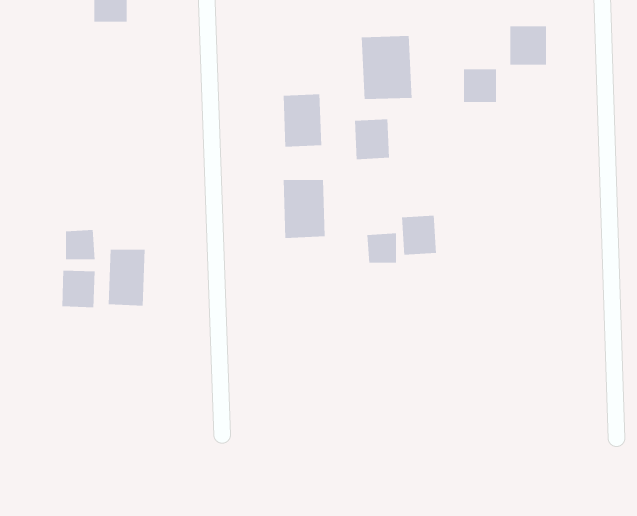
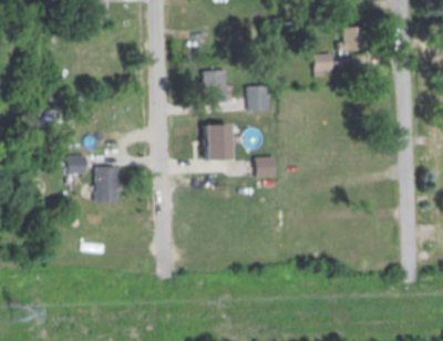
building: [361,35,412,100] -> none
building: [402,215,437,255] -> none
building: [62,270,95,308] -> none

